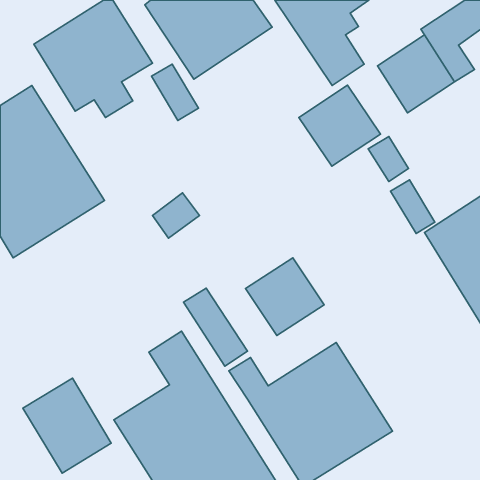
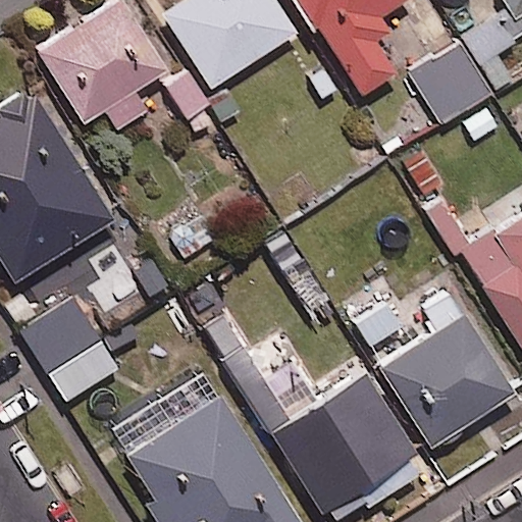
building: [299,85,381,166] -> none
building: [245,258,324,336] -> none
building: none -> [381,314,514,445]
building: [23,378,111,473] -> [20,298,116,401]

